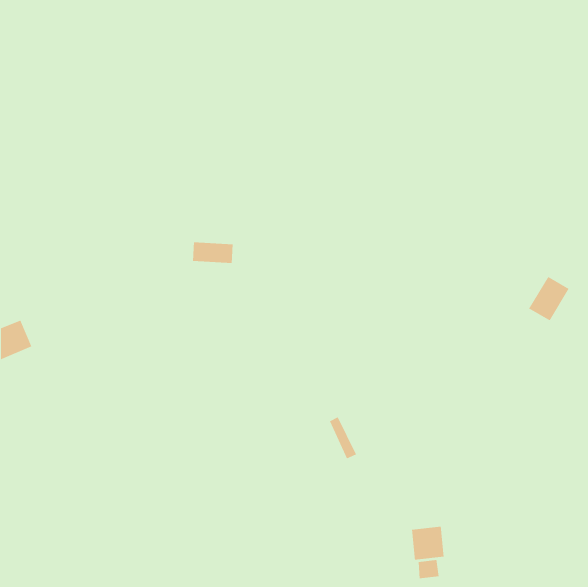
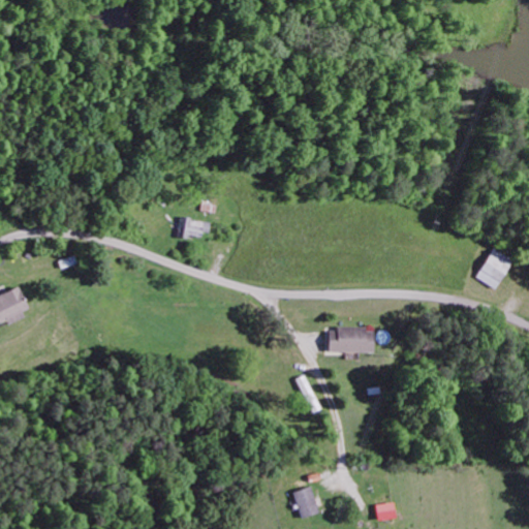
building: none -> [328,328,372,353]
building: [412,526,444,560] -> none
building: none -> [291,487,318,519]

